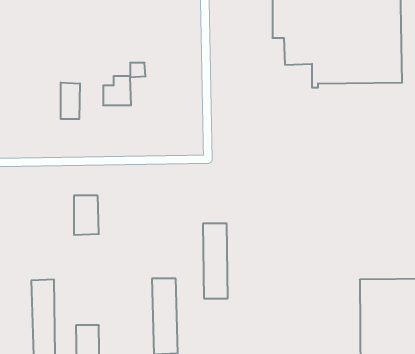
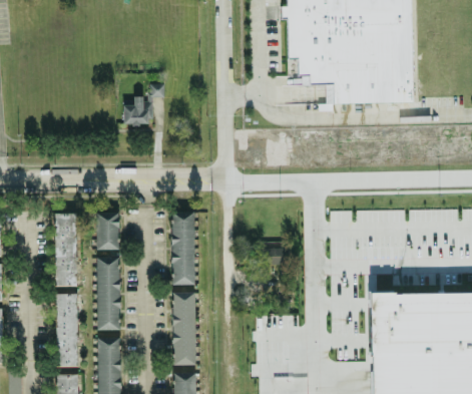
building: [61,82,80,119] -> none
building: none -> [54,213,77,286]
building: [203,224,228,298] -> [171,212,195,284]
building: none -> [96,256,121,330]

